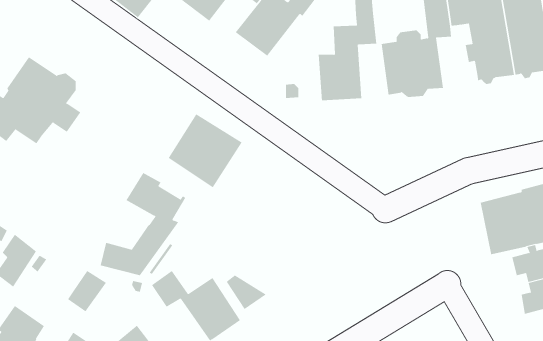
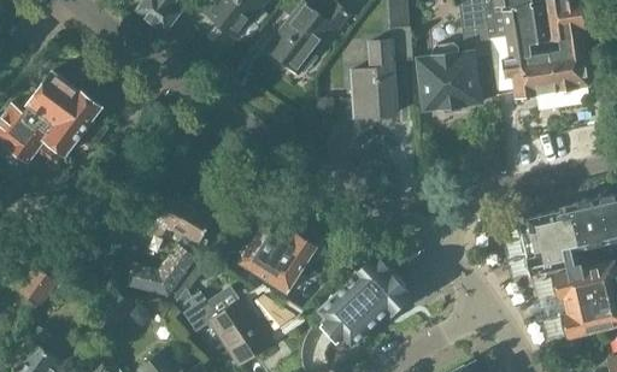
building: [168,113,242,188] -> [239,218,316,295]
building: none -> [318,256,411,347]

